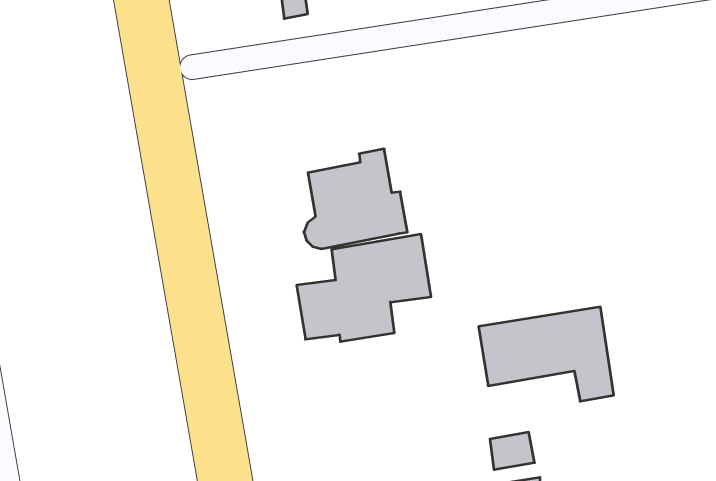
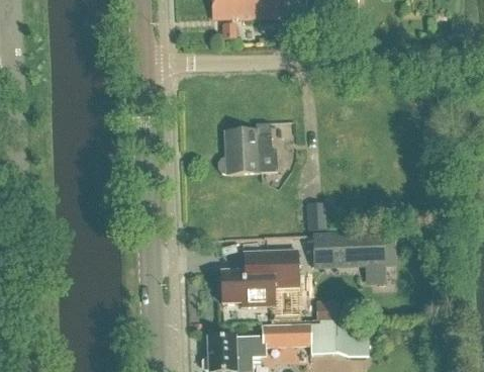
building: [297,234,431,342] -> [222,250,300,306]
building: none -> [306,199,326,228]

